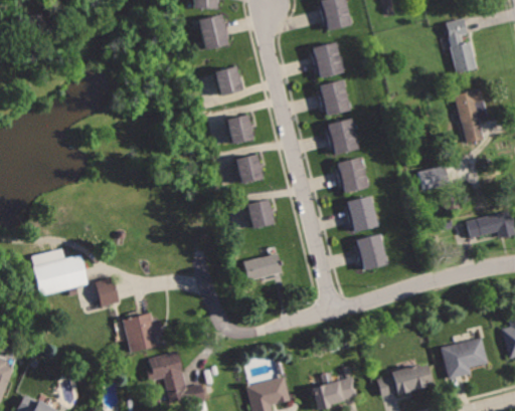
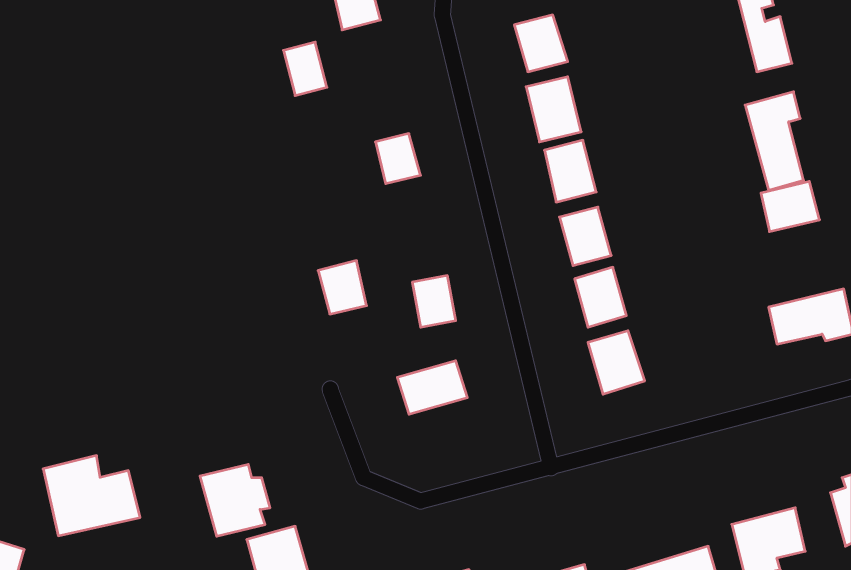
building: [215,63,241,95] -> [283,42,327,96]
building: [233,153,263,185] -> [318,261,367,314]
building: [414,163,450,193] -> [761,181,820,232]
building: [29,248,88,296] -> [43,456,140,536]
building: [95,276,121,310] -> none

